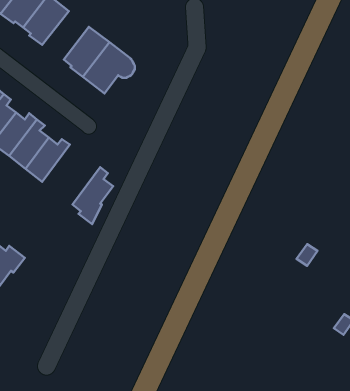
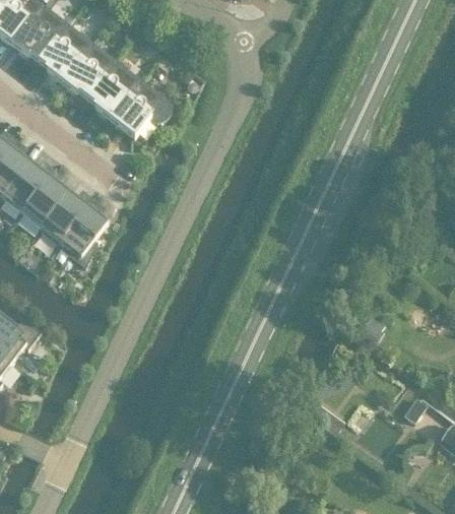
building: none -> [58,43,113,100]
building: [72,167,113,224] -> [58,199,106,266]

